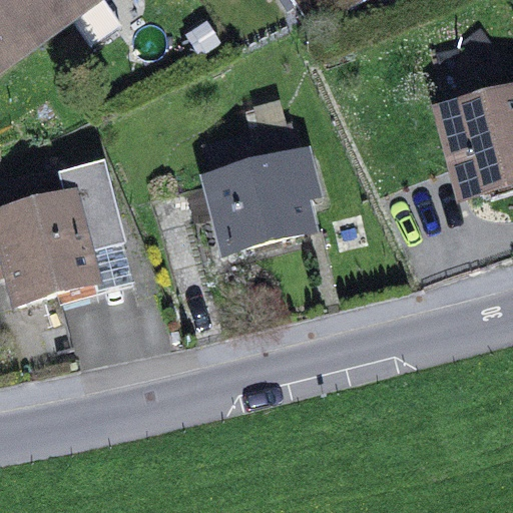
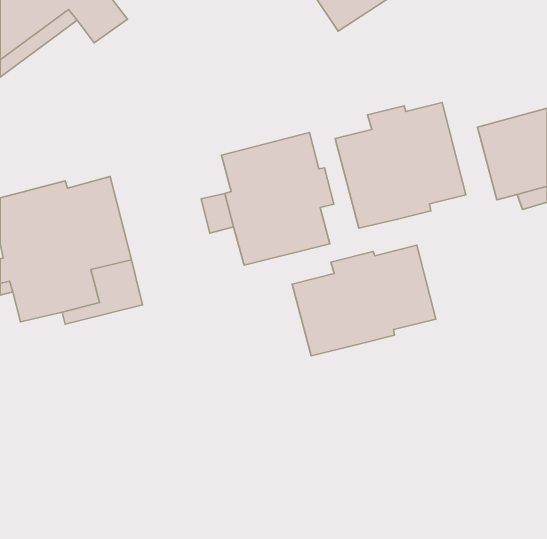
building: none -> [335,102,466,228]
building: none -> [292,245,436,356]

